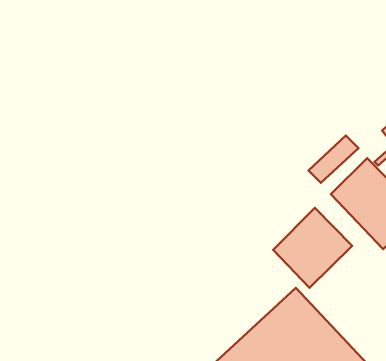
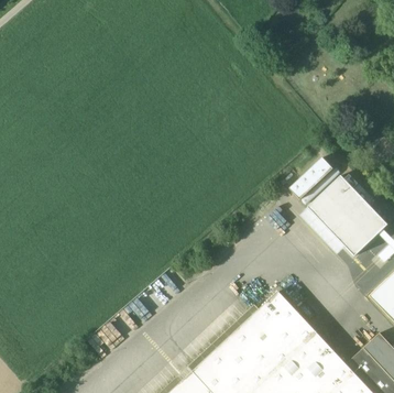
building: [273,208,352,288] -> none

